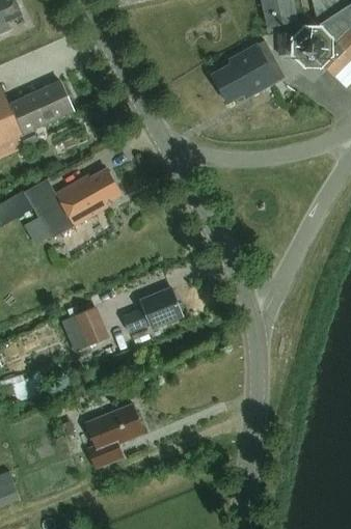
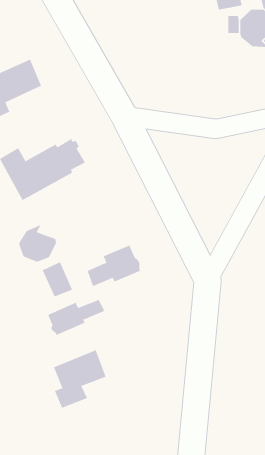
building: [210,39,282,103] -> none
building: none -> [19,224,57,262]
building: none -> [47,299,105,336]

